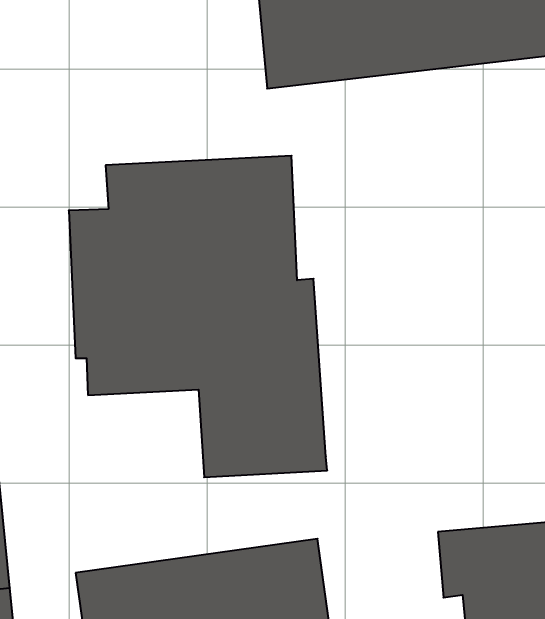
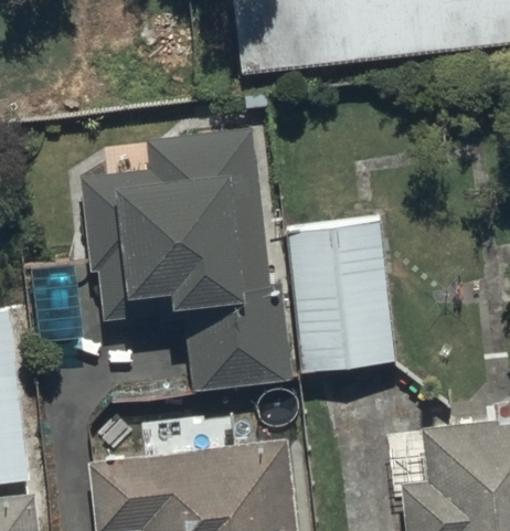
building: none -> [279,222,393,371]

